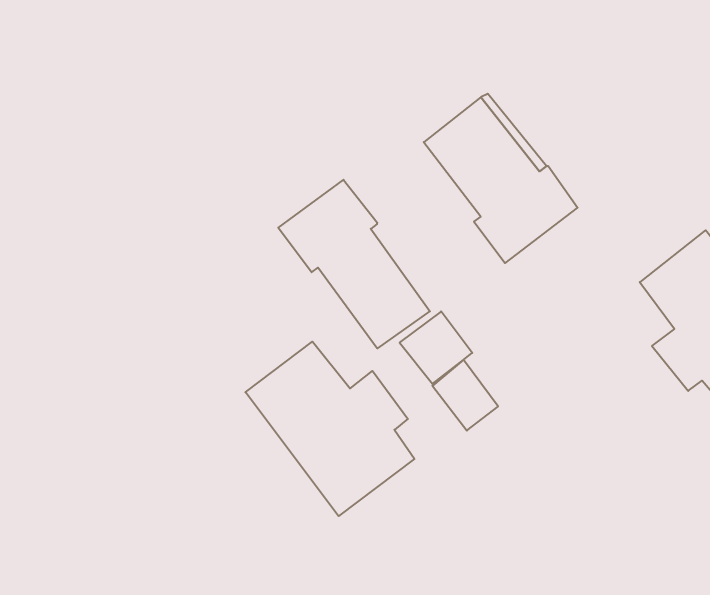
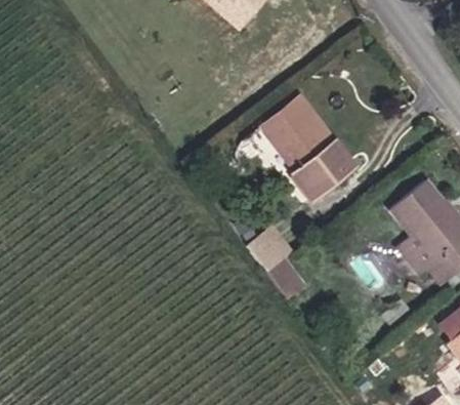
building: [278,180,430,348] -> none
building: [245,342,414,516] -> none

